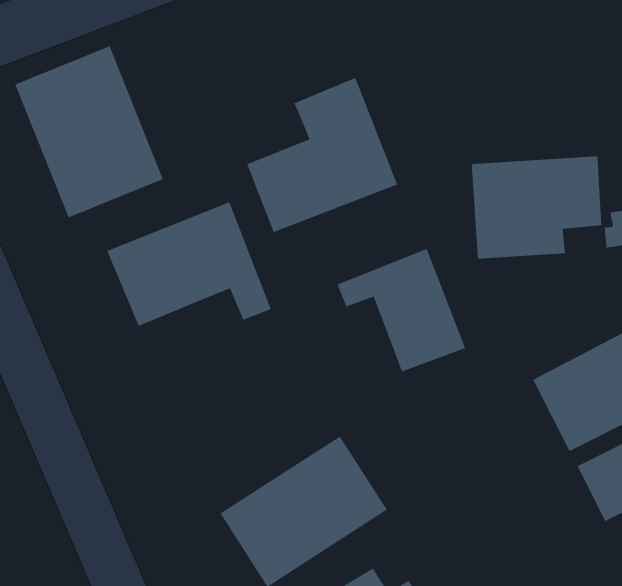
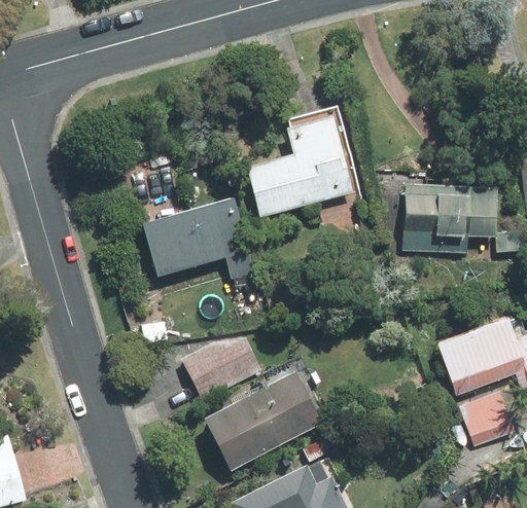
building: [14,45,164,218] -> none
building: [337,248,466,372] -> none
building: none -> [182,336,264,401]

